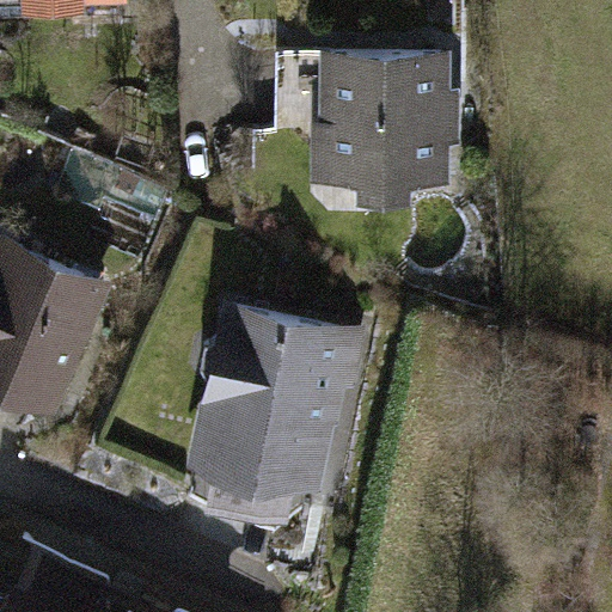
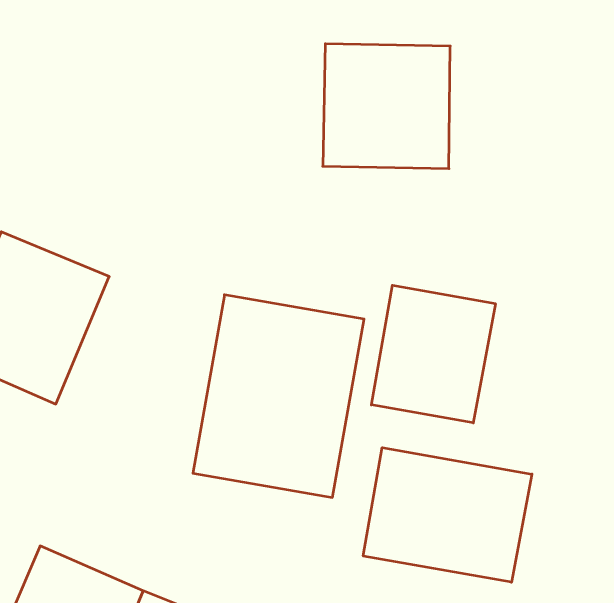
building: none -> [371,285,495,423]
building: none -> [363,448,532,582]

